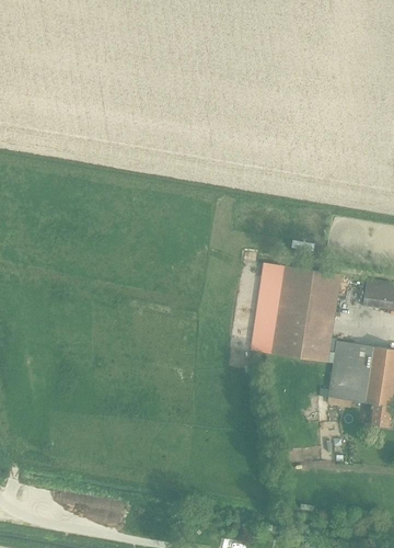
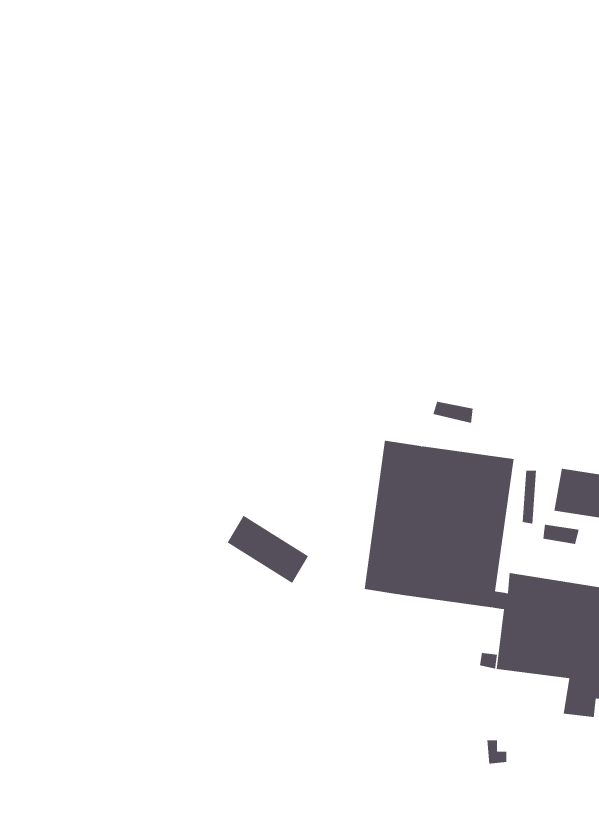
building: none -> [227,515,309,584]

